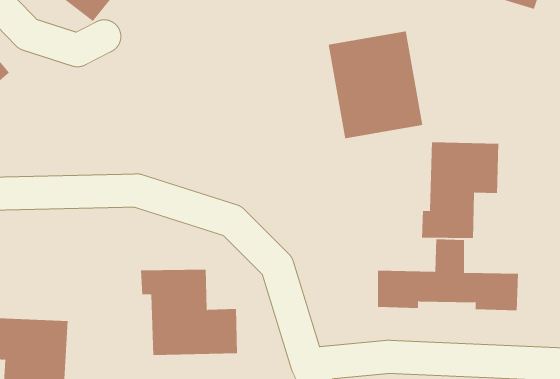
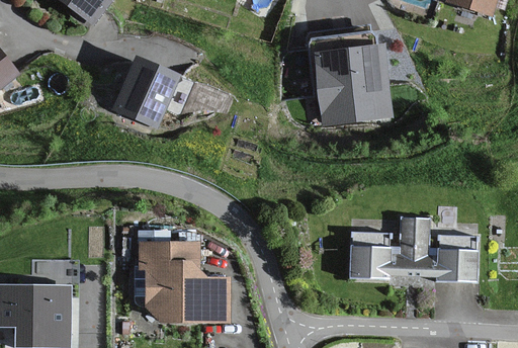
building: none -> [111,60,176,126]
building: [421,142,499,239] -> none

